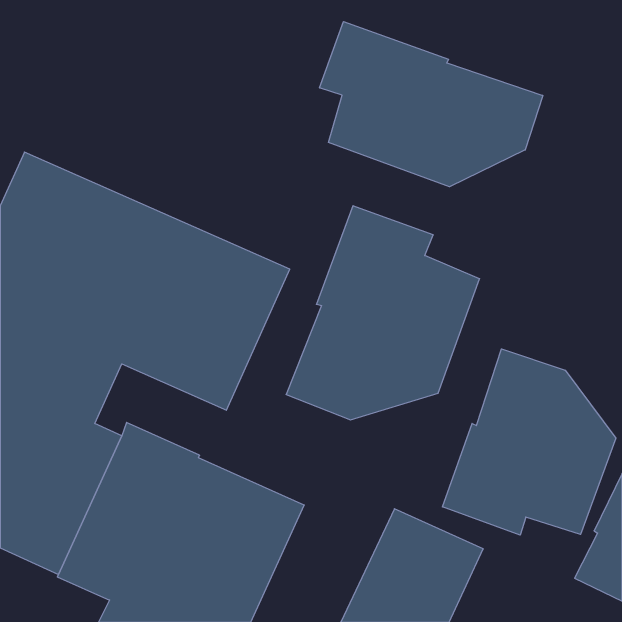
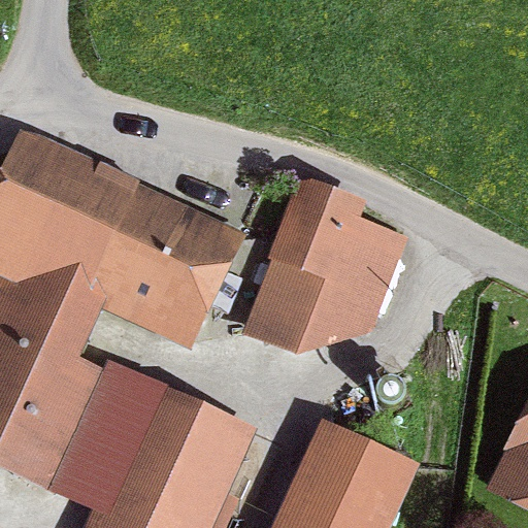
building: [320,22,543,187] -> none
building: [442,349,616,535] -> none

